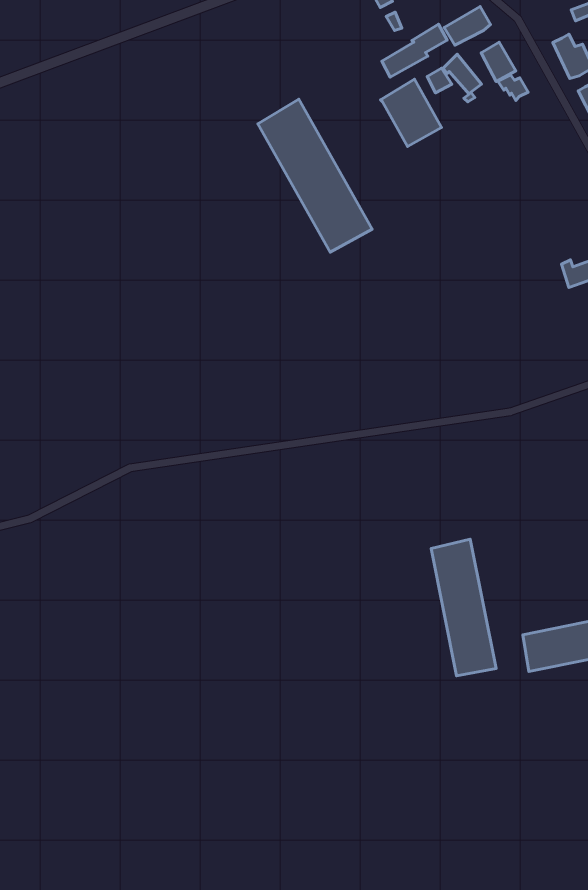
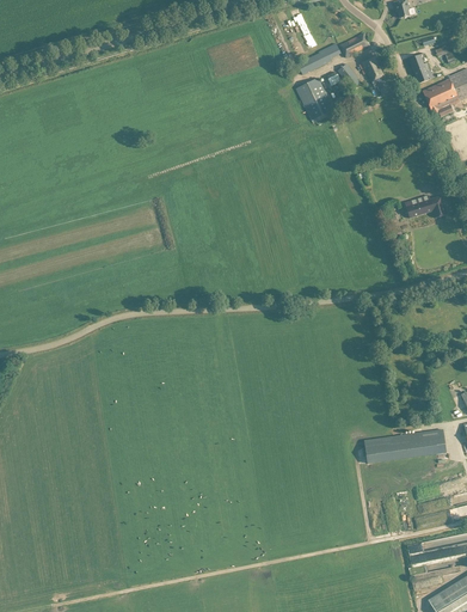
building: [258,99,372,252] -> none
building: [431,539,496,676] -> none

